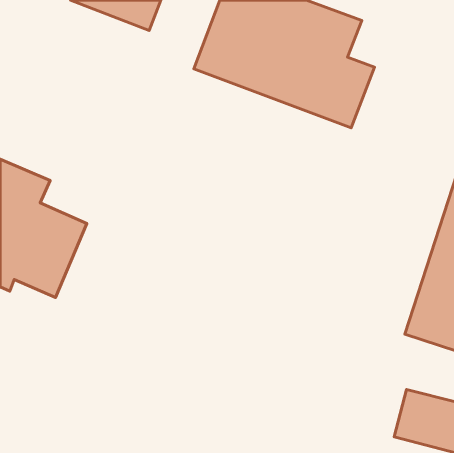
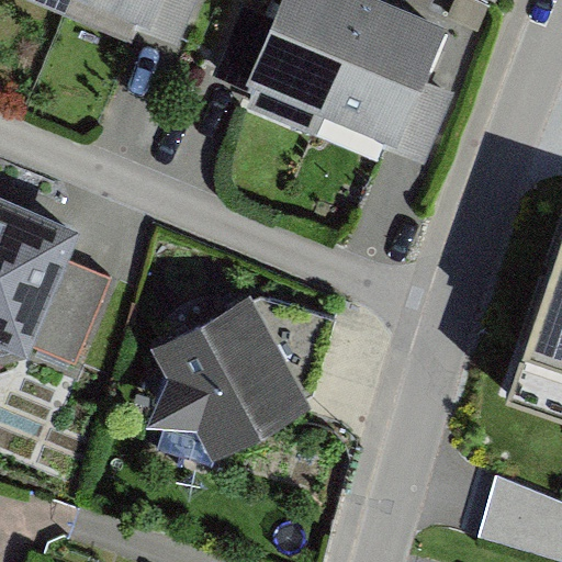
building: none -> [130,294,301,458]

